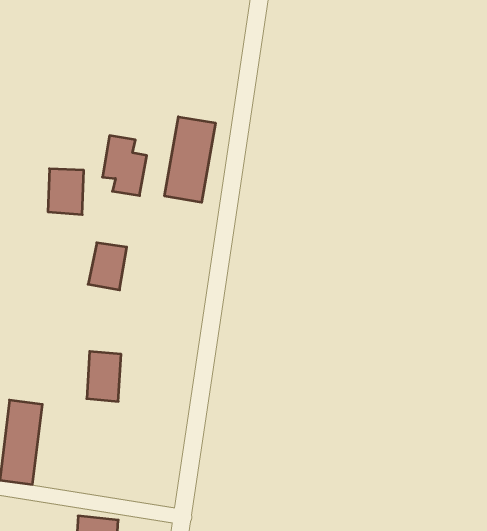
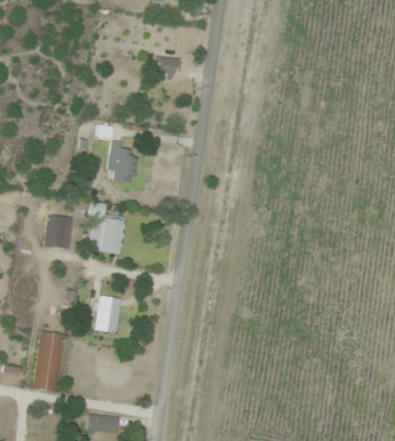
building: none -> [155,57,178,78]
building: [165,117,215,202] -> none
building: [48,169,84,215] -> [46,216,72,249]

